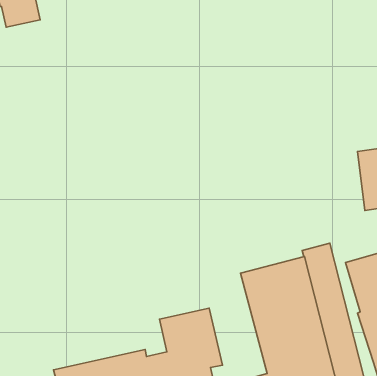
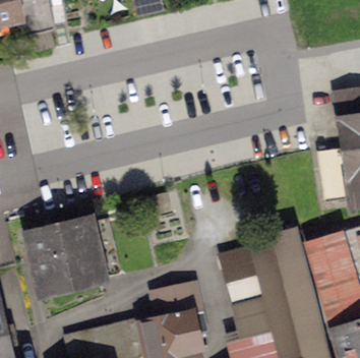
building: none -> [29,218,119,289]

